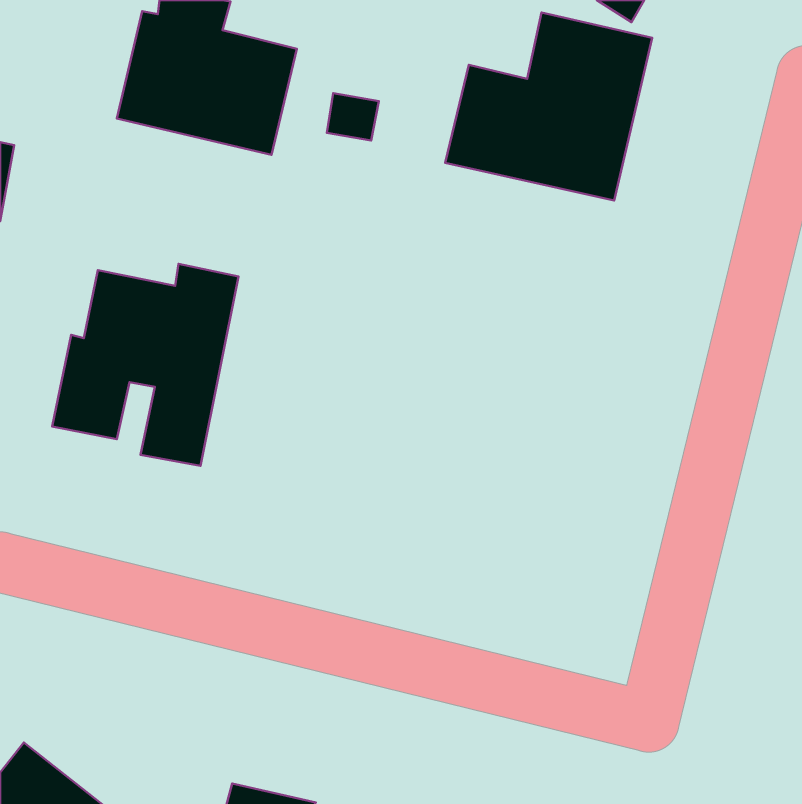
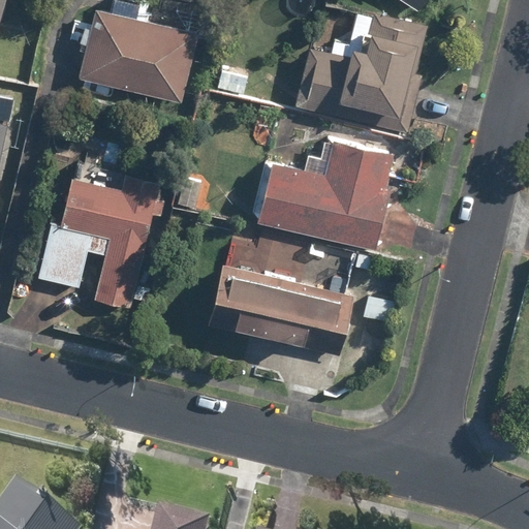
building: none -> [253,142,393,249]
building: none -> [206,262,355,357]

